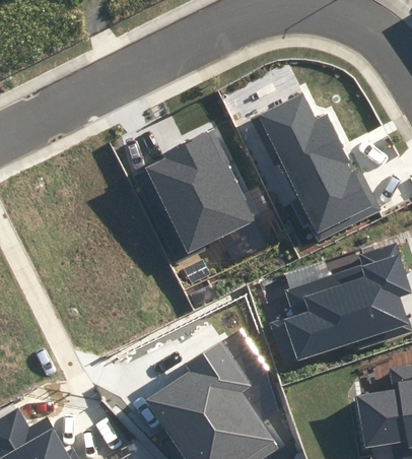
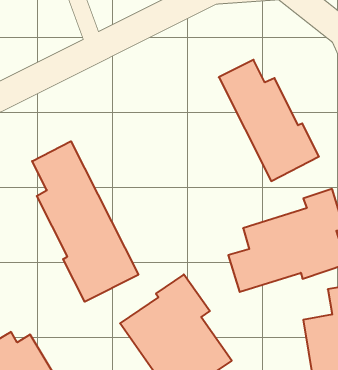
building: [148,130,255,253] -> none
building: none -> [32,141,138,302]

